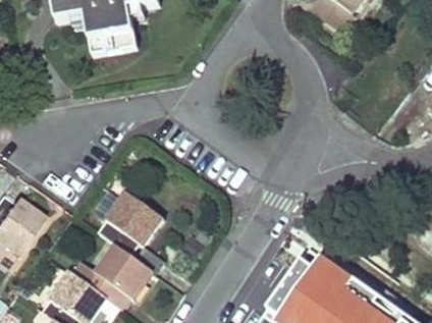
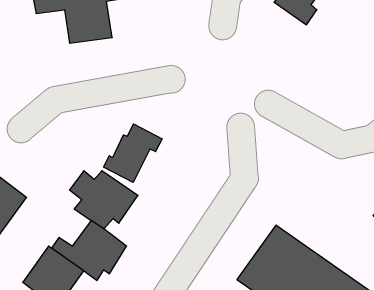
building: none -> [104,124,162,182]

